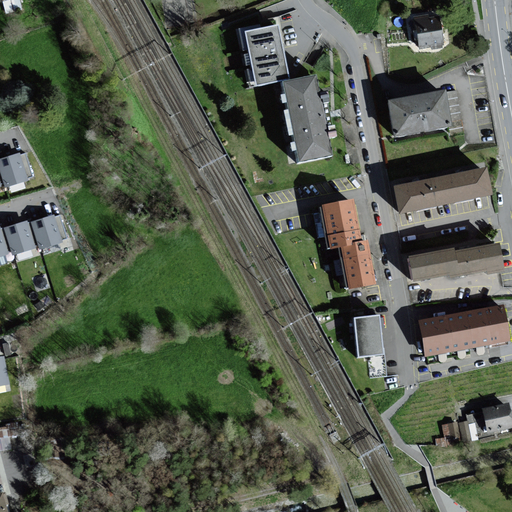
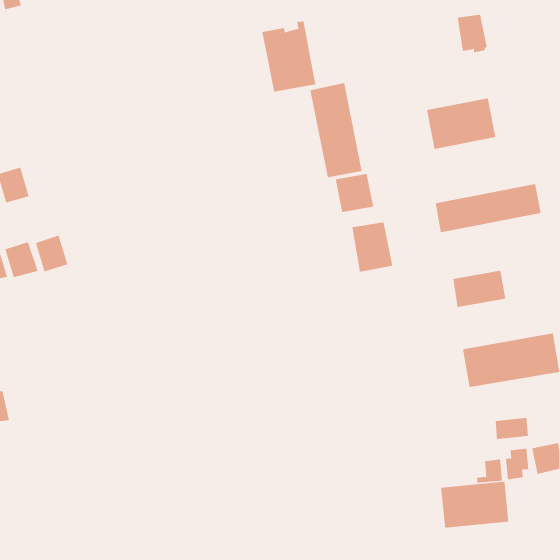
building: none -> [335,173,374,213]
building: [338,241,373,290] -> none
building: [457,243,505,275] -> none
building: [351,315,380,351] -> none
building: none -> [495,417,528,440]
building: none -> [441,481,509,529]

